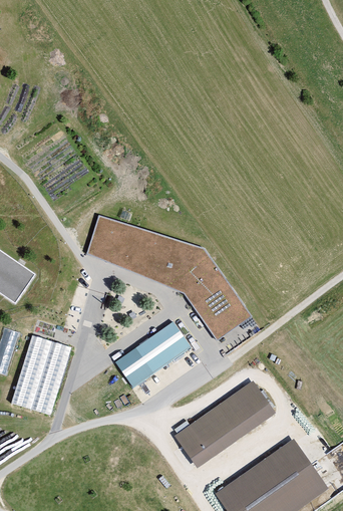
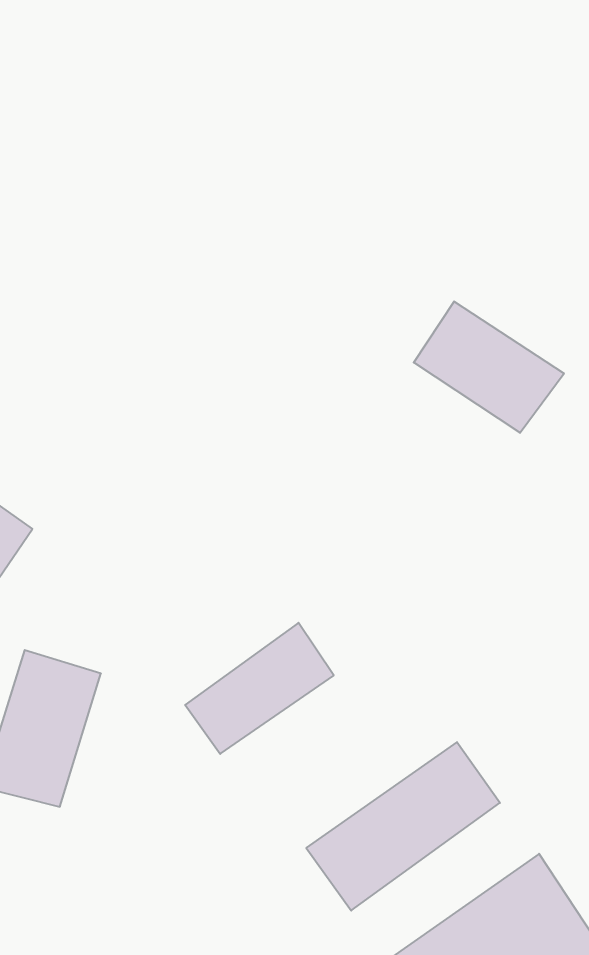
building: none -> [414,301,564,433]
building: [86,216,250,338] -> none

